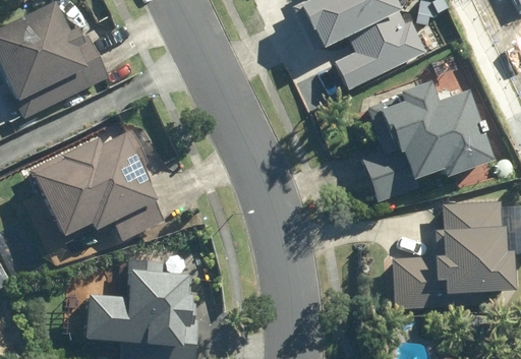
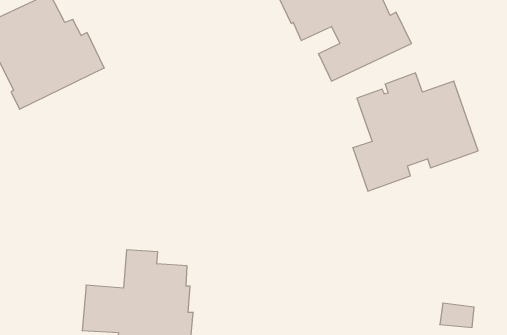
building: [32,129,168,244] -> none
building: [389,201,508,309] -> none

